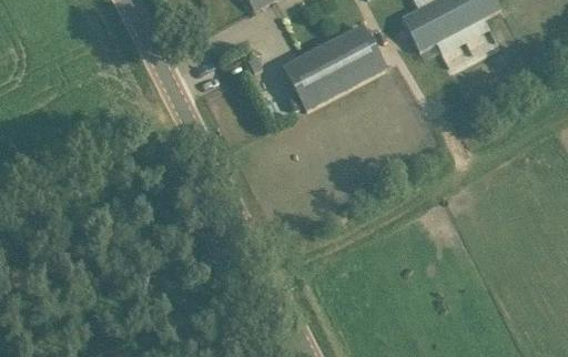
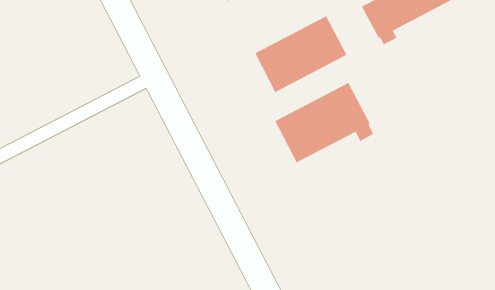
building: none -> [274,82,374,163]

